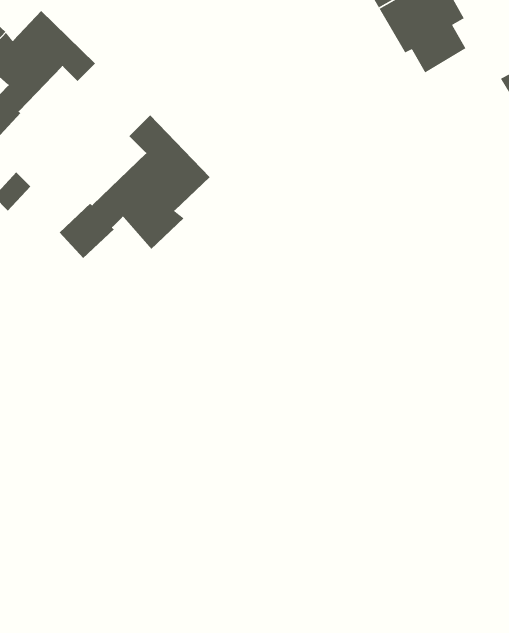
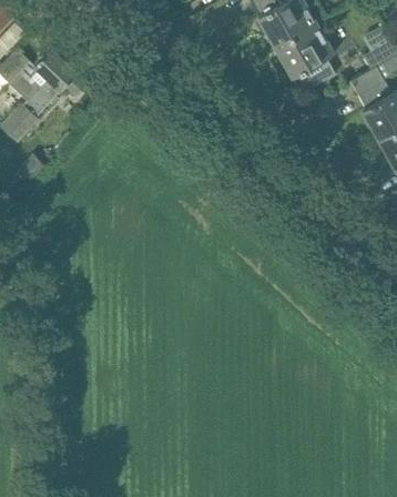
building: [59,115,211,259] -> none

